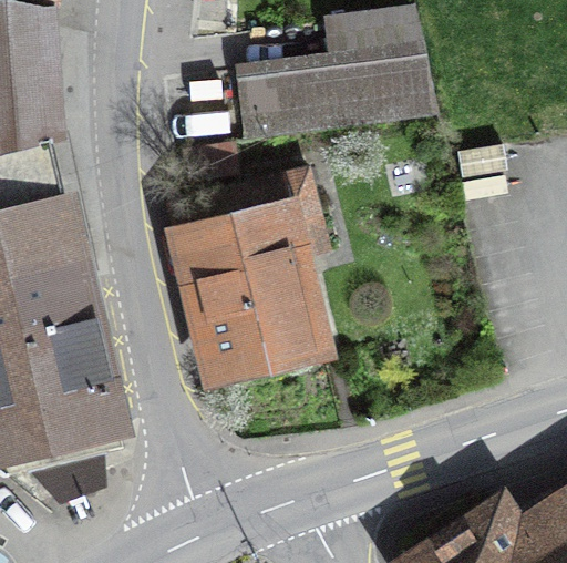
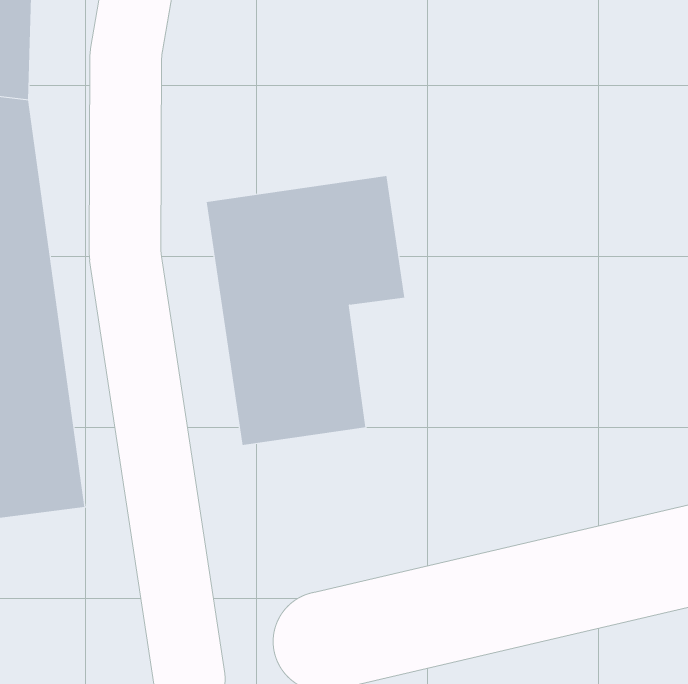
building: [237,40,440,140] -> none

